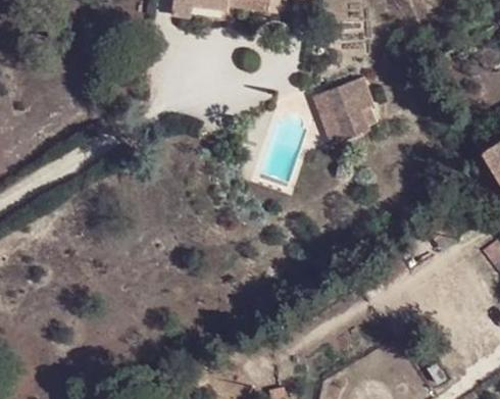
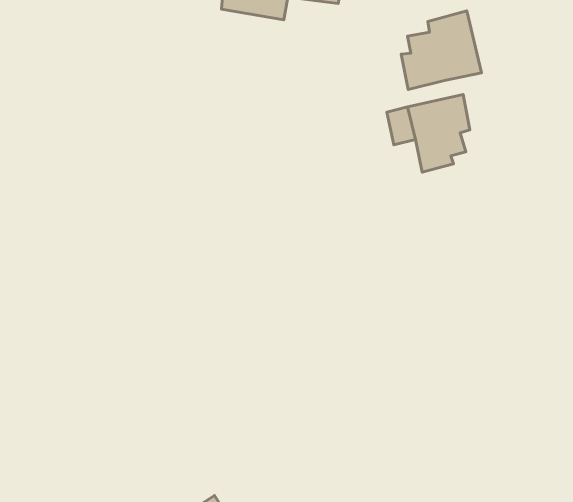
building: none -> [401,11,482,90]

